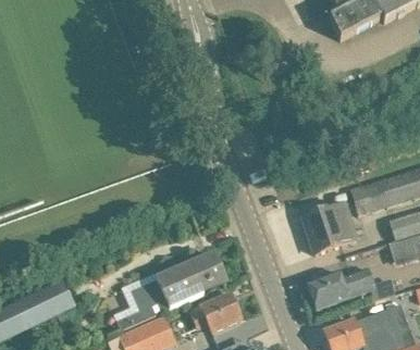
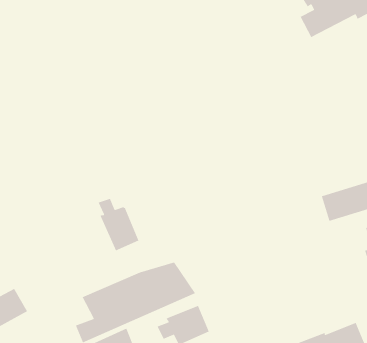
building: none -> [98,198,140,252]
building: [305,203,357,253] -> none
building: [307,267,376,310] -> none

